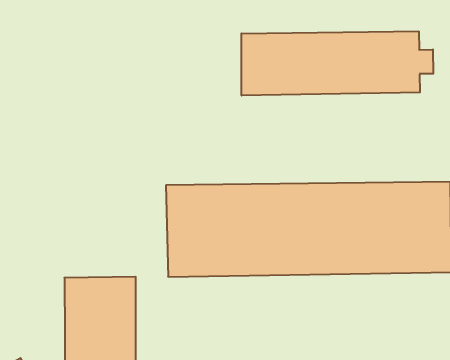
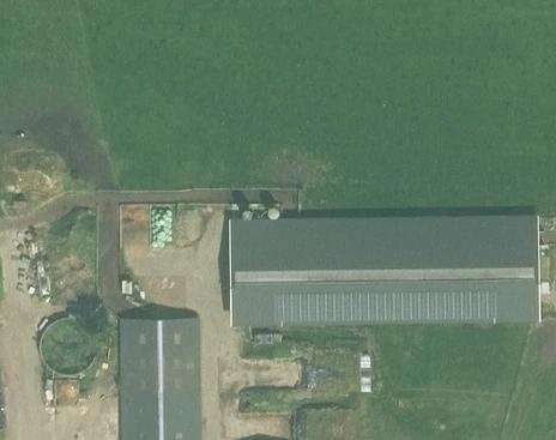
building: [241,31,433,96] -> none

